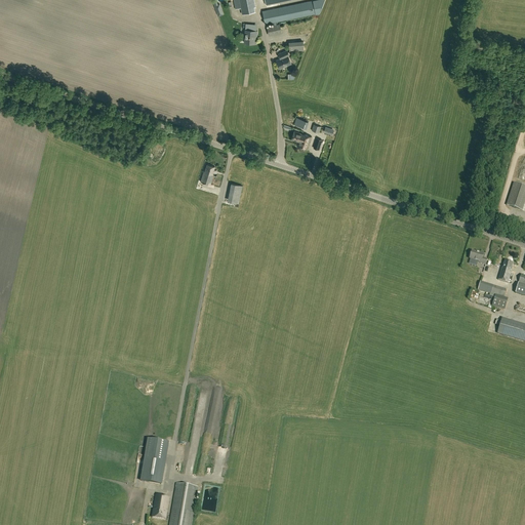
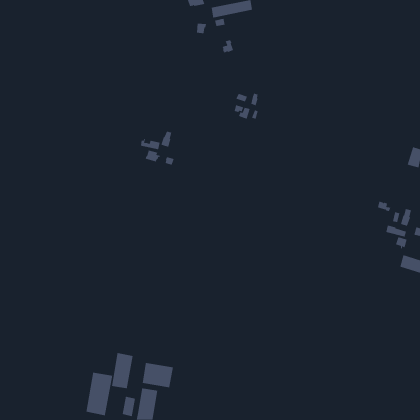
building: none -> [142,362,173,388]
building: none -> [86,372,113,416]

